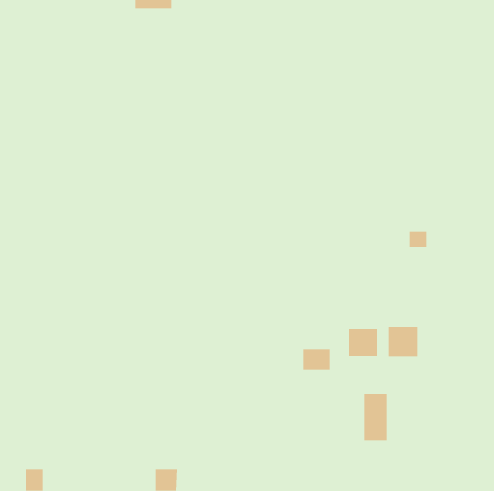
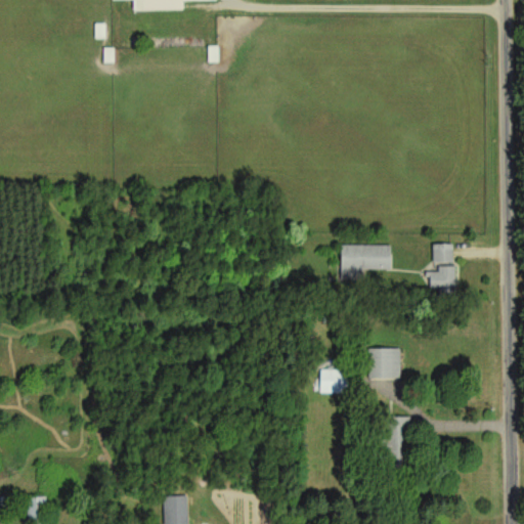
building: none -> [340,245,391,279]
building: none -> [429,267,455,292]
building: [388,326,418,357] -> none

